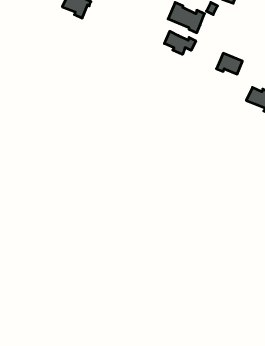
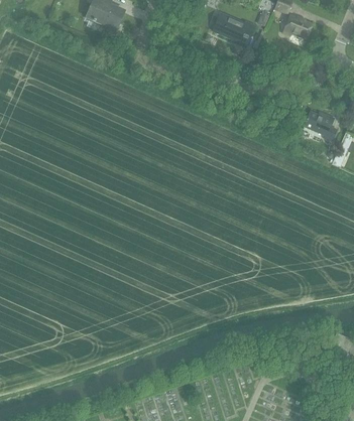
building: [164,31,196,54] -> none
building: [216,53,242,74] -> [281,14,312,38]

